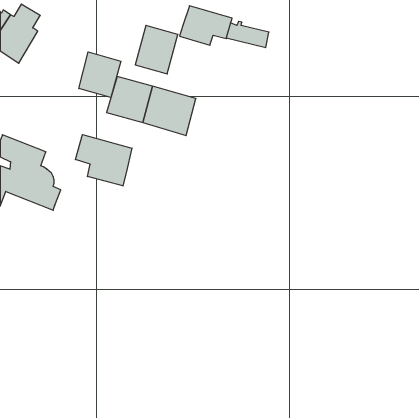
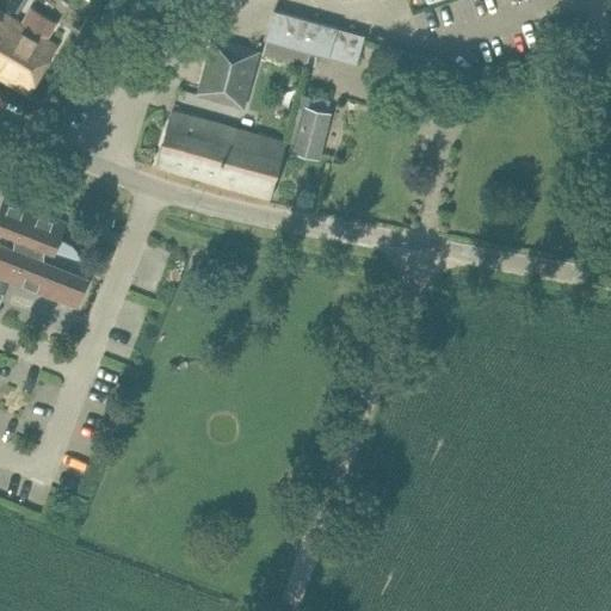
building: [79,52,121,98] -> none
building: none -> [288,95,329,155]
building: [75,135,132,186] -> none

